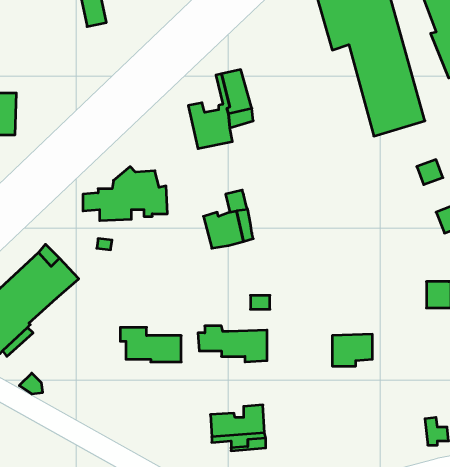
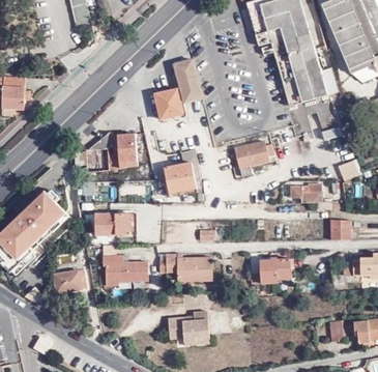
building: none -> [233,141,272,178]
building: none -> [290,184,321,203]
building: none -> [95,216,130,237]
building: none -> [53,270,82,292]

